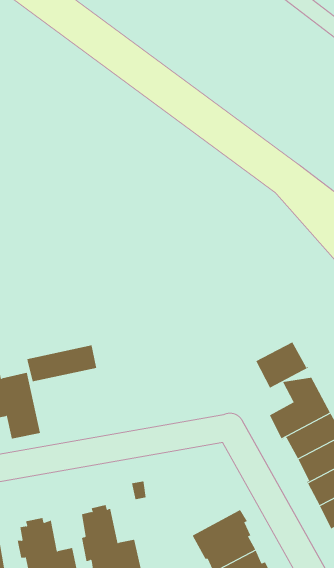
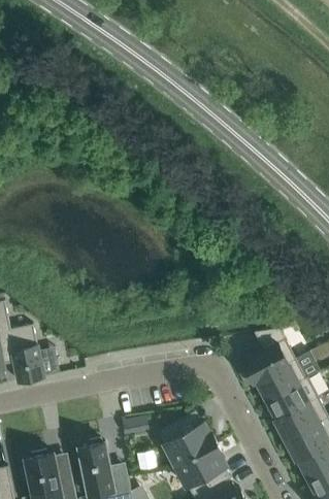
building: [255,341,309,388] -> none
building: [24,344,97,382] -> none
building: none -> [158,411,217,466]

